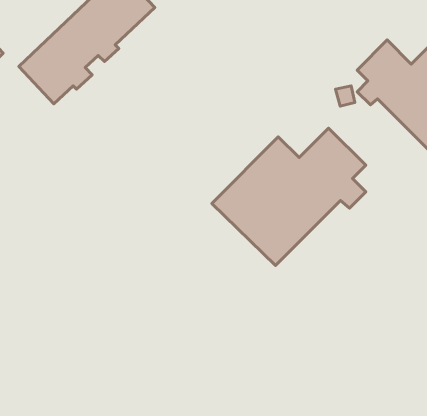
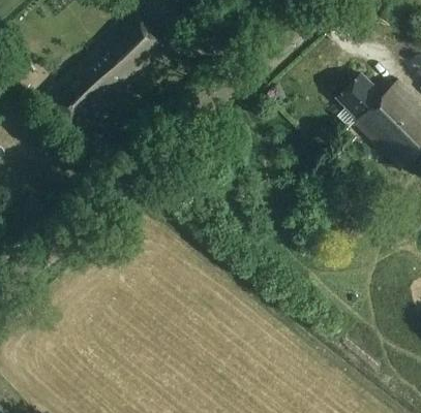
building: [212,128,366,266] -> none

